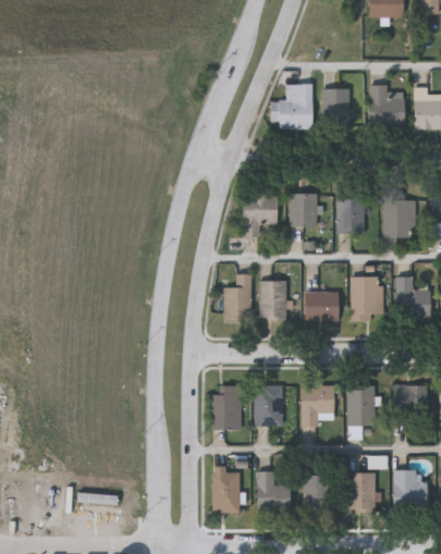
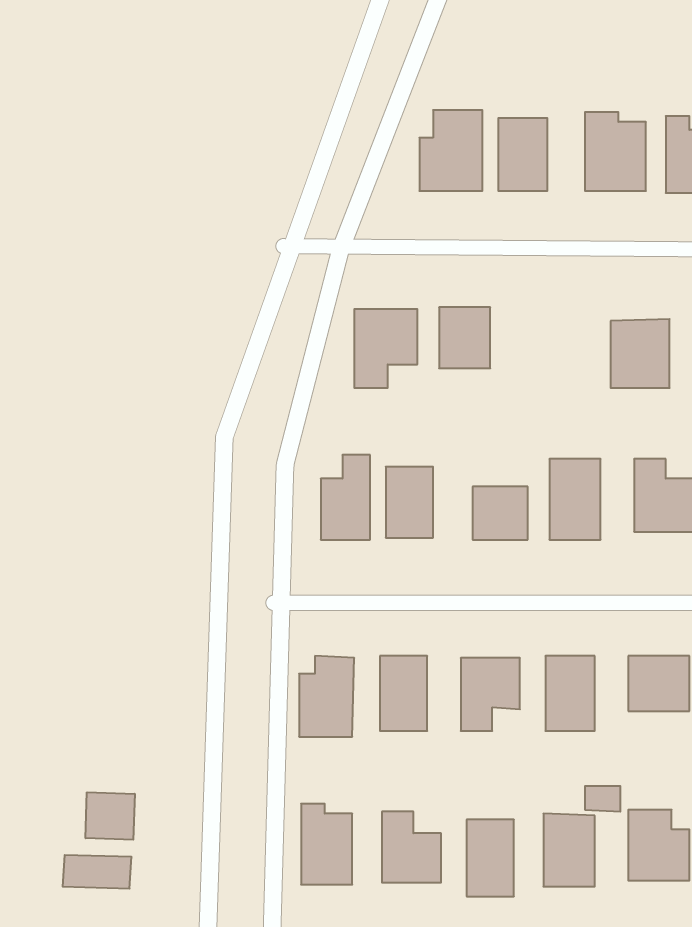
building: [336,196,364,233] -> none
building: none -> [86,792,135,840]

